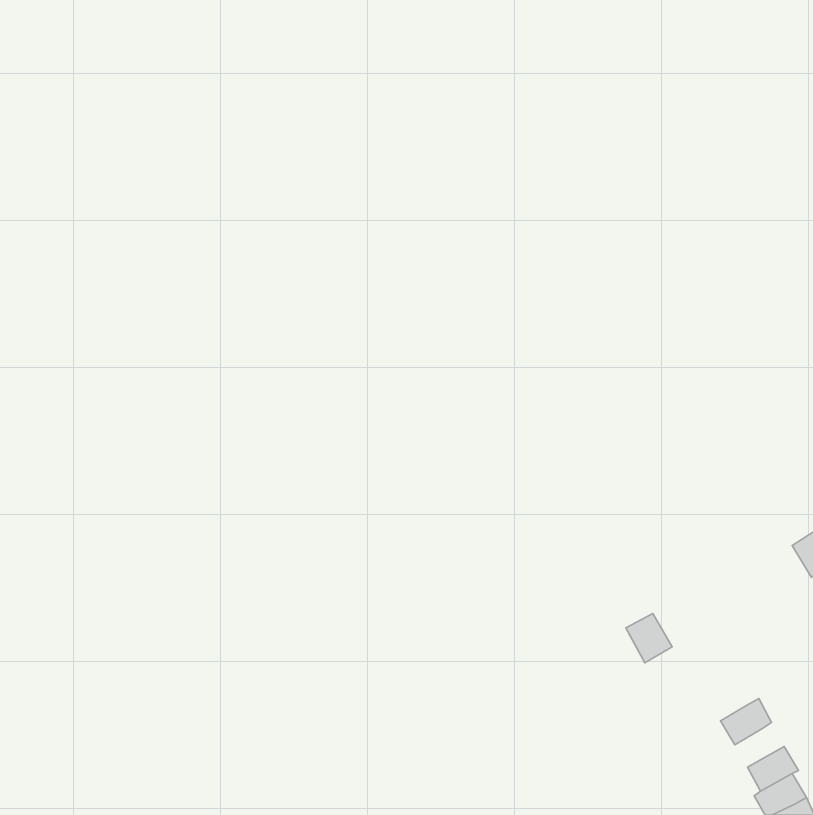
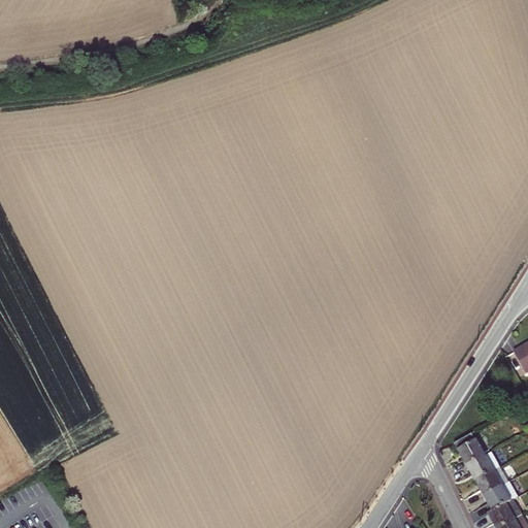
building: [626,613,672,663] -> [455,434,485,466]
building: none -> [476,467,509,496]

